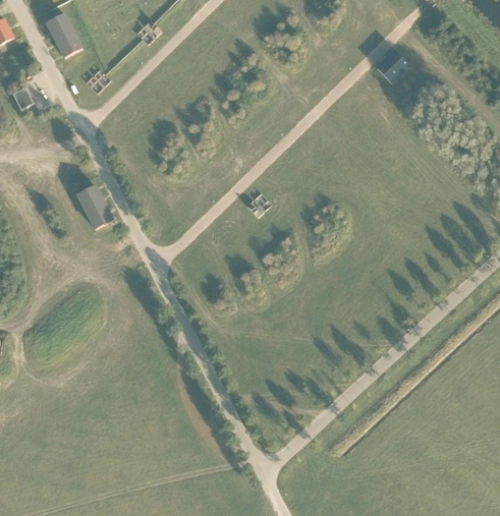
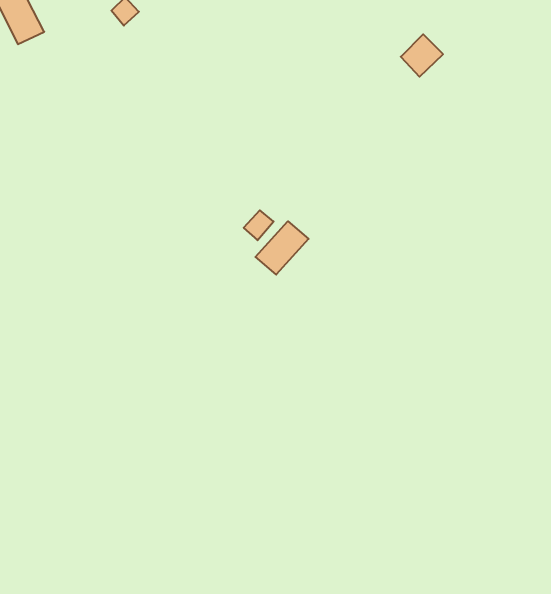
building: [75,183,114,229] -> none
building: none -> [255,221,309,275]

